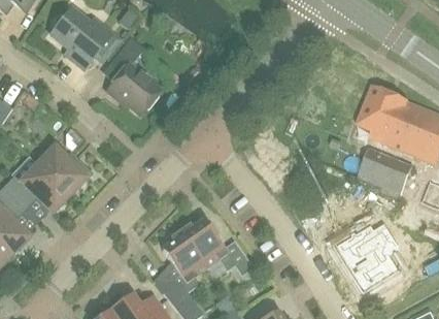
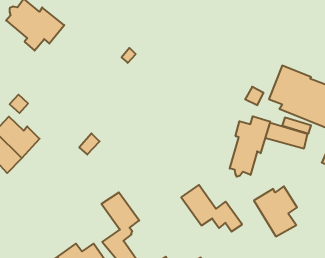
building: [107,37,160,115] -> none
building: none -> [230,116,270,177]
building: [181,221,252,276] -> [181,185,242,232]

